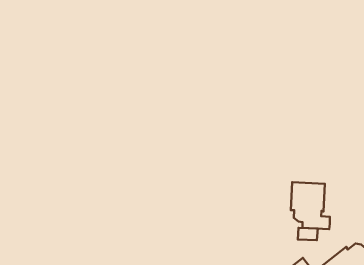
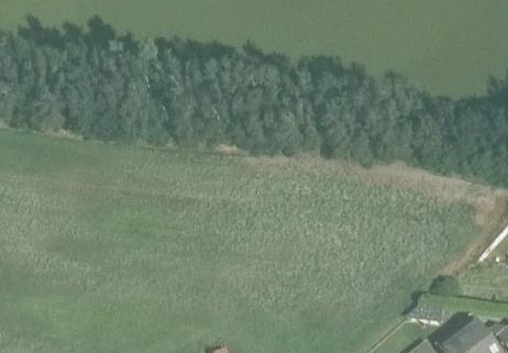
building: [291,182,330,229] -> none

